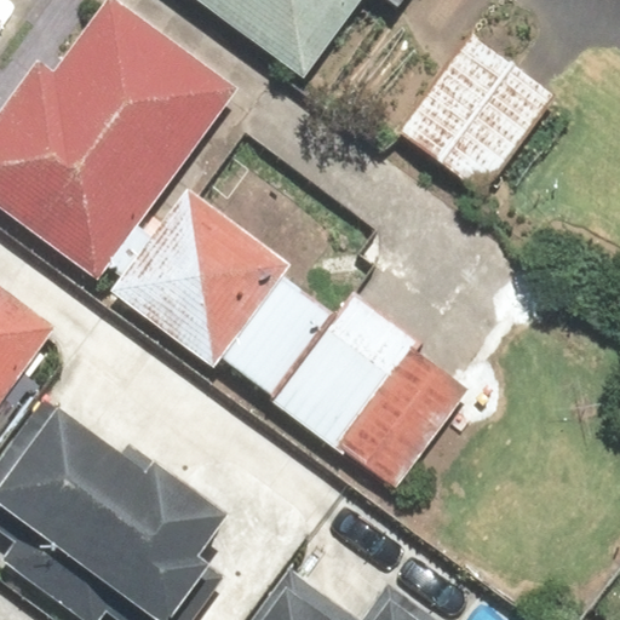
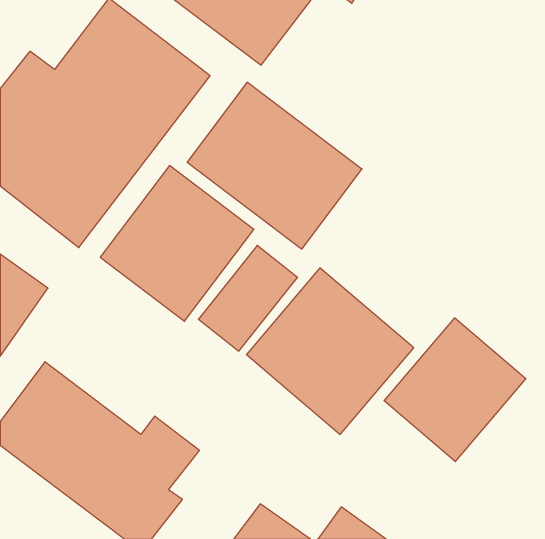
building: [397,27,567,202] -> none
building: none -> [187,82,362,249]
building: none -> [384,318,526,462]

